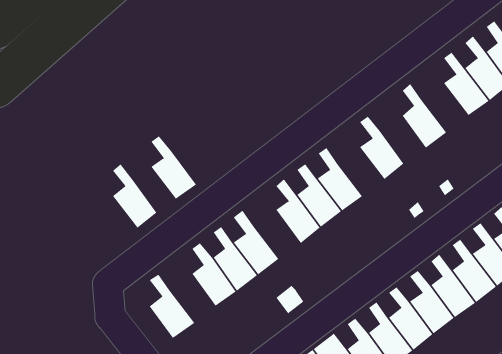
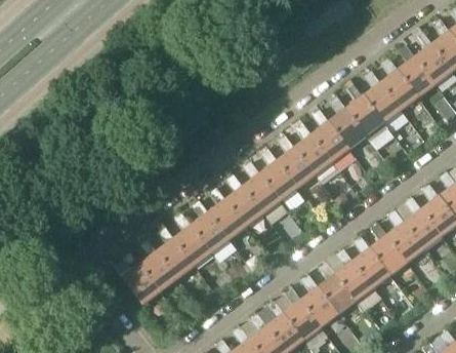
building: none -> [346,84,395,150]
building: none -> [313,110,349,162]
building: none -> [278,135,316,189]
building: [150,136,197,200] -> [209,188,247,240]
building: [112,163,157,229] -> [140,239,177,292]

